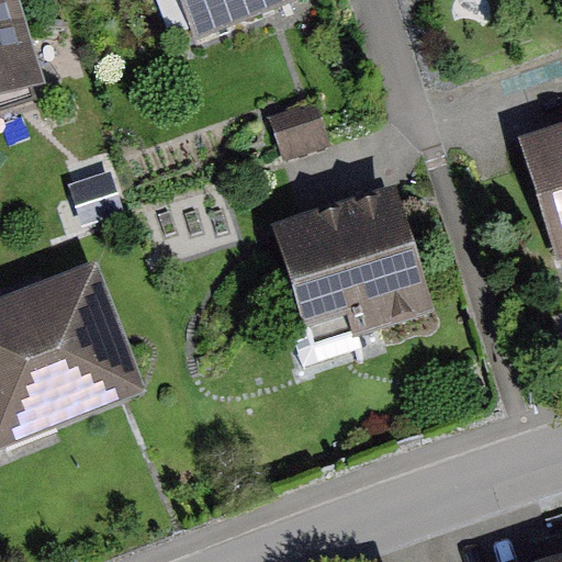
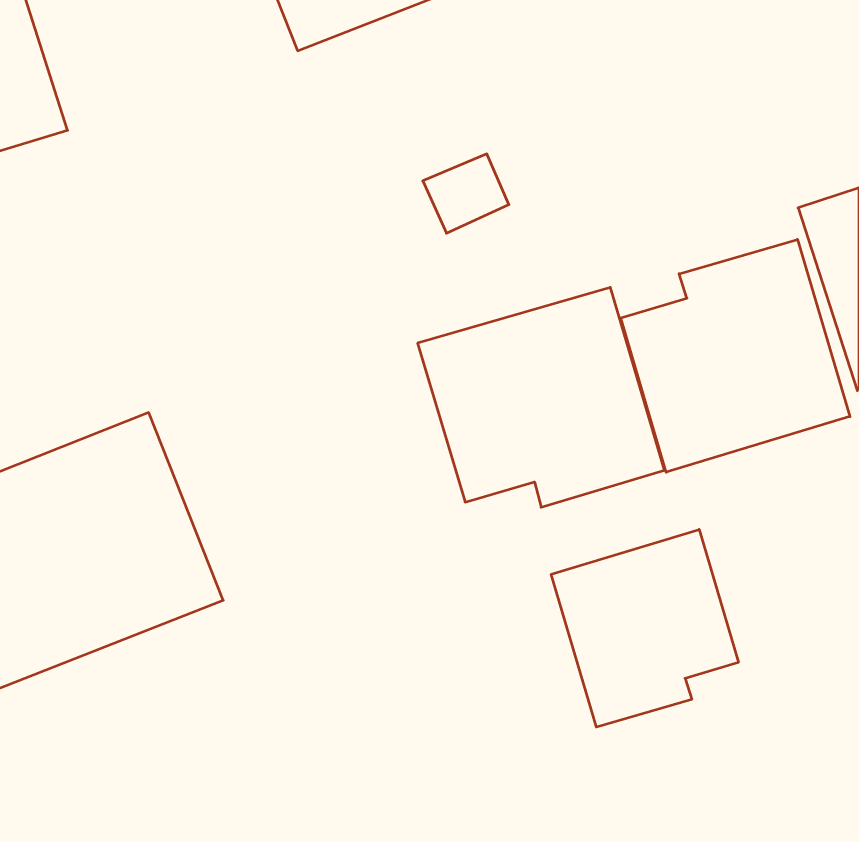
building: none -> [621,239,850,472]
building: none -> [551,529,738,727]

